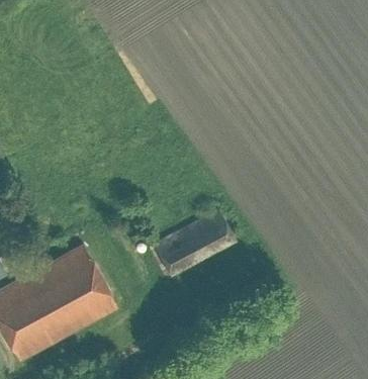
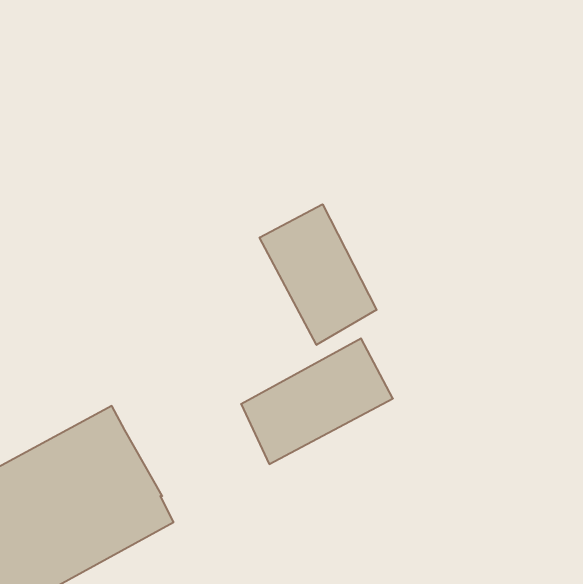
building: none -> [260,204,377,345]

